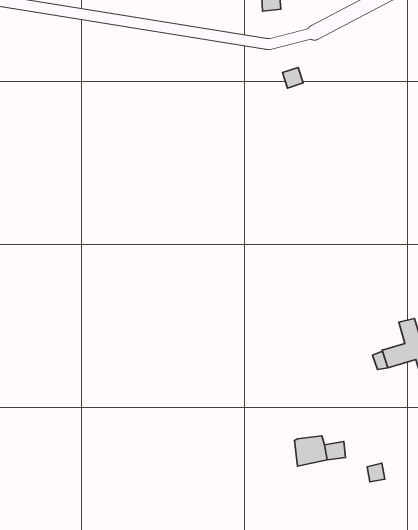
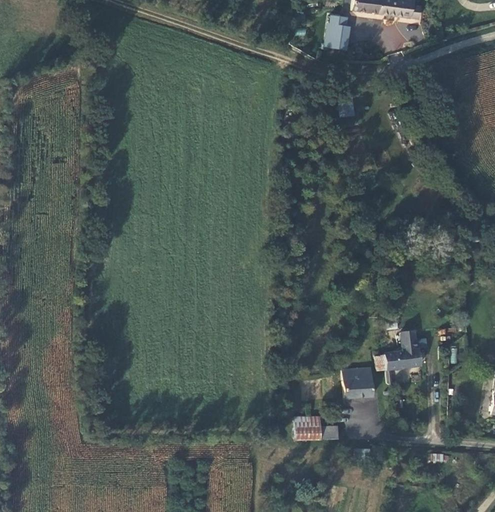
building: none -> [344,368,372,397]

